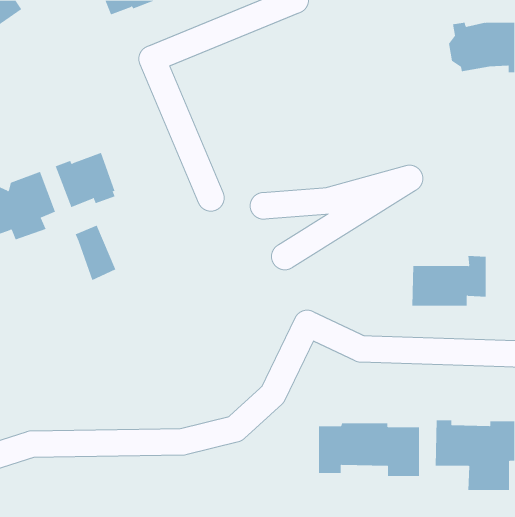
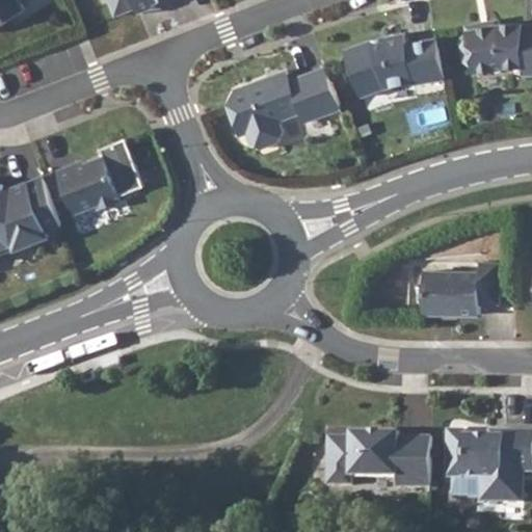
building: none -> [343,33,442,97]
building: none -> [227,68,340,149]
building: [75,225,116,281] -> [101,140,143,197]

